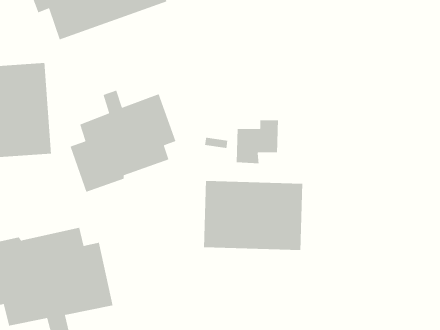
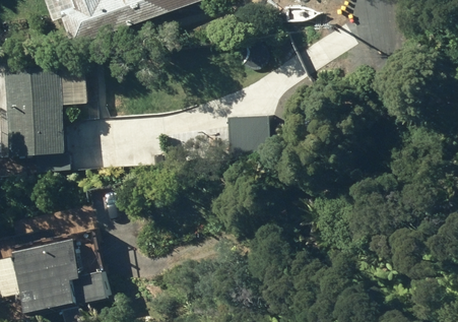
building: [69,90,176,193] -> none
building: [203,180,303,251] -> none

